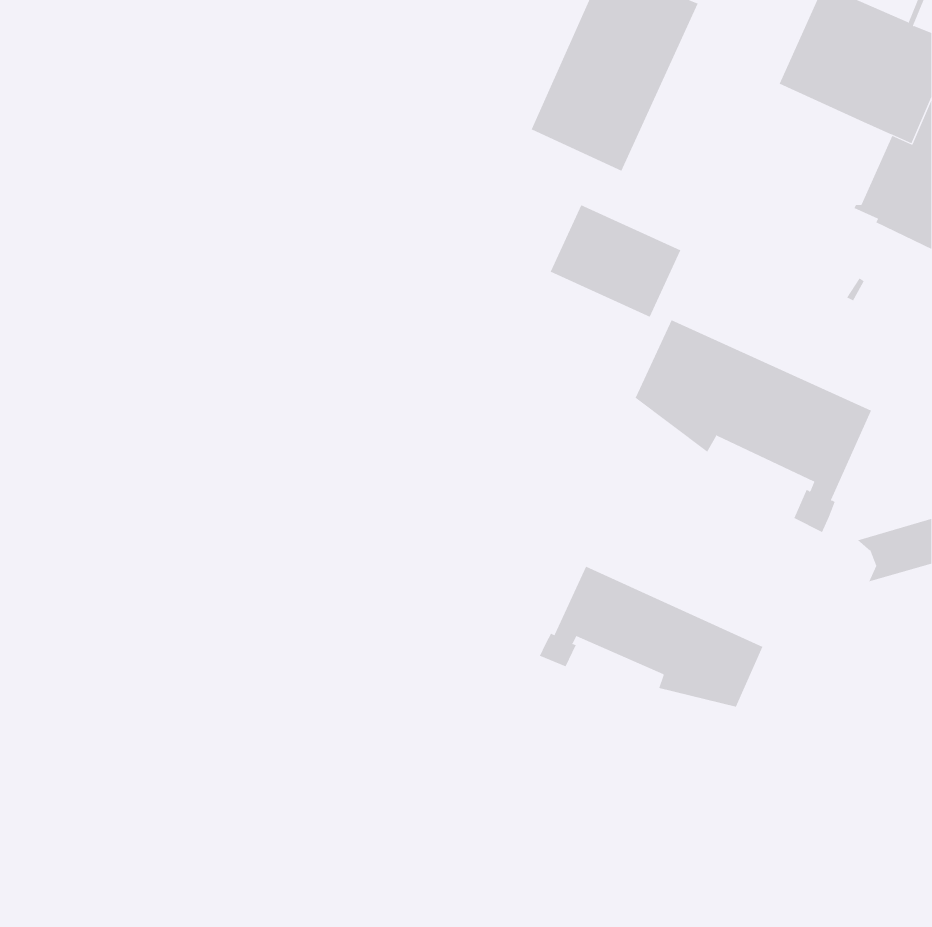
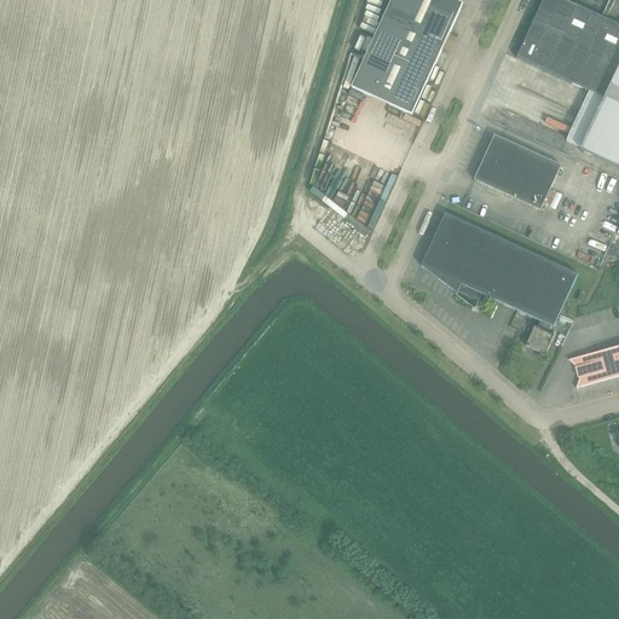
building: [550,204,681,318] -> [474,133,561,208]
building: [539,566,763,707] -> none

